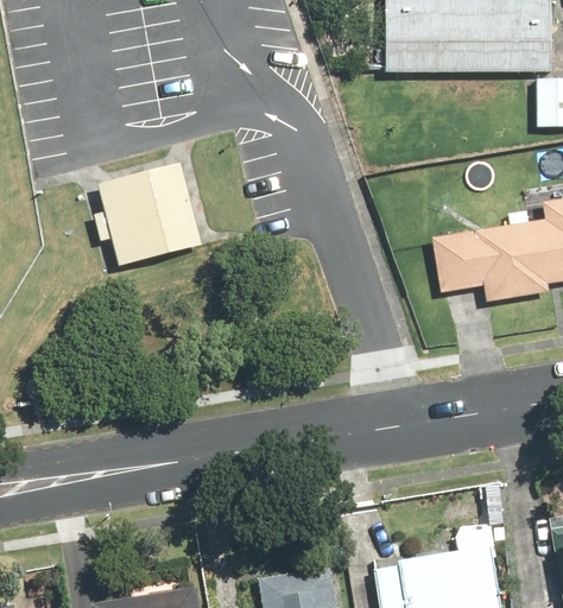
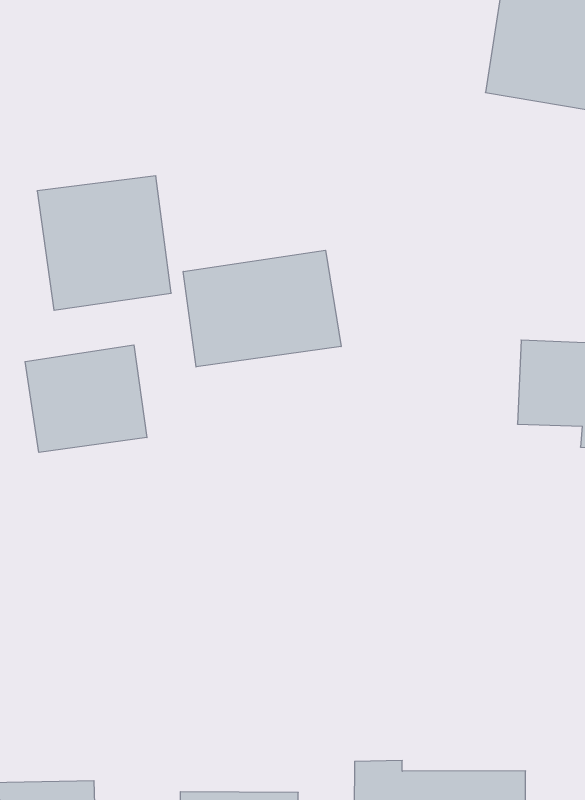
building: none -> [183,250,341,367]
building: none -> [25,345,147,452]

